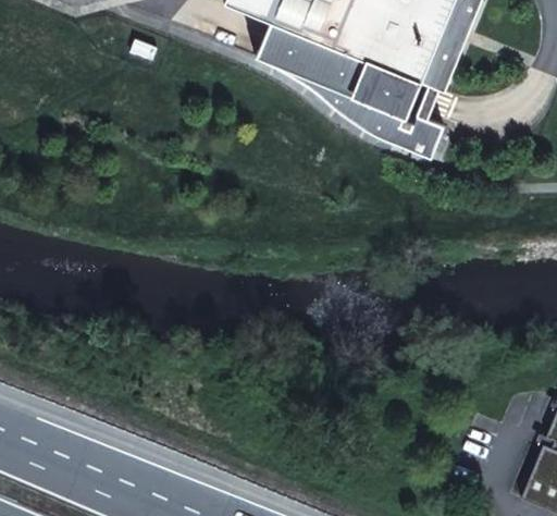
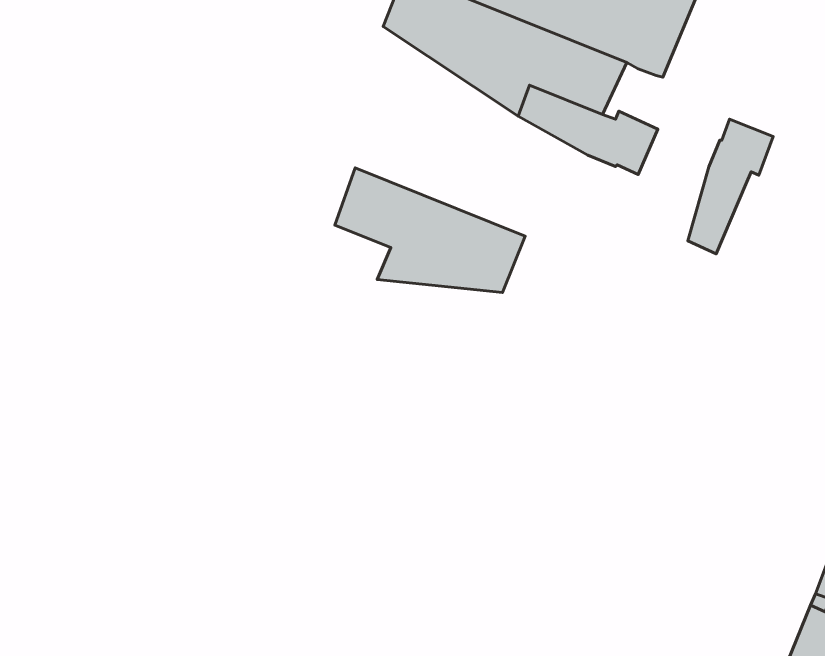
building: none -> [688,119,773,254]
building: none -> [335,168,525,293]

